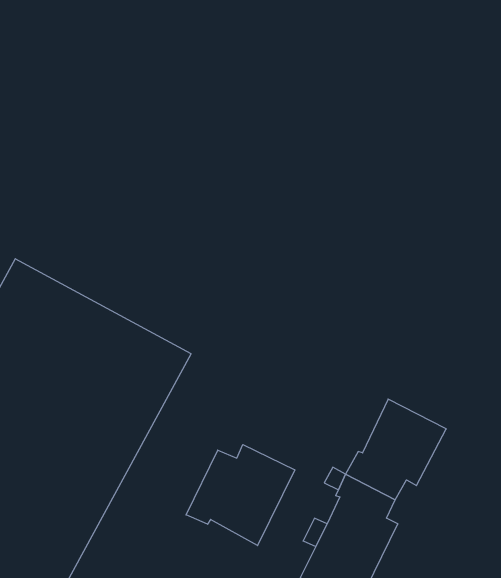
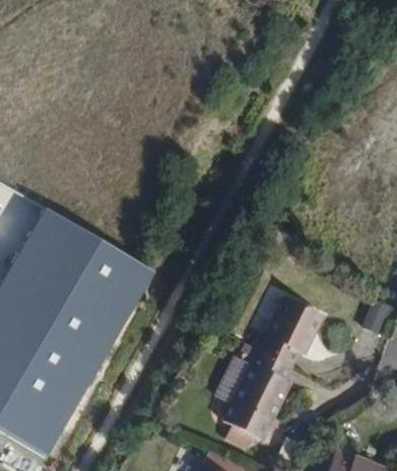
building: [186,445,295,546] -> none

